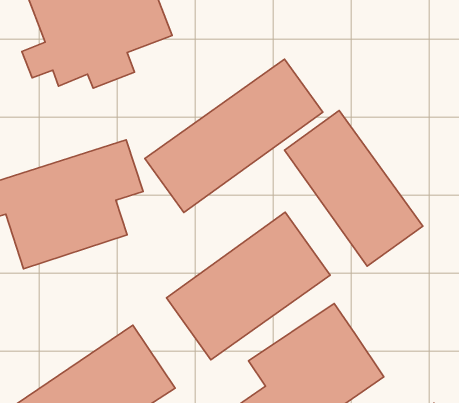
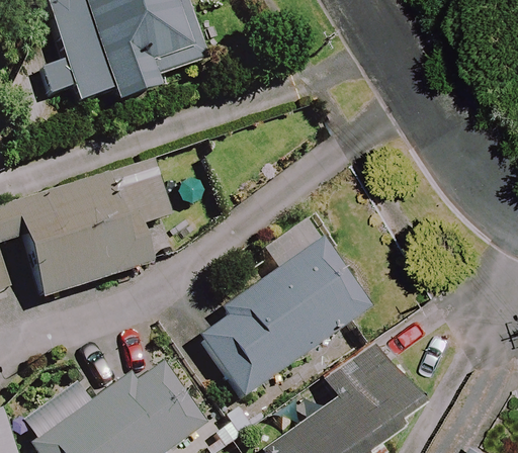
building: [145,59,323,212] -> none
building: [285,111,423,266] -> none

